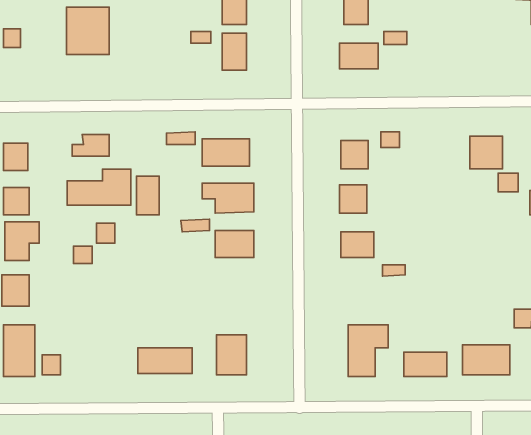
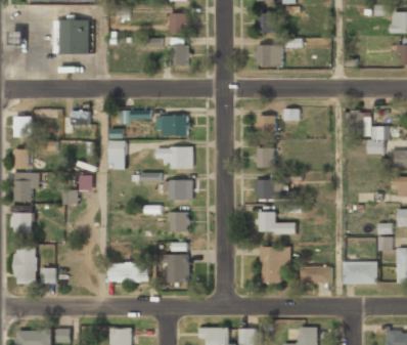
building: [67,169,131,205] -> none
building: none -> [169,212,188,231]
building: none -> [258,212,295,233]

